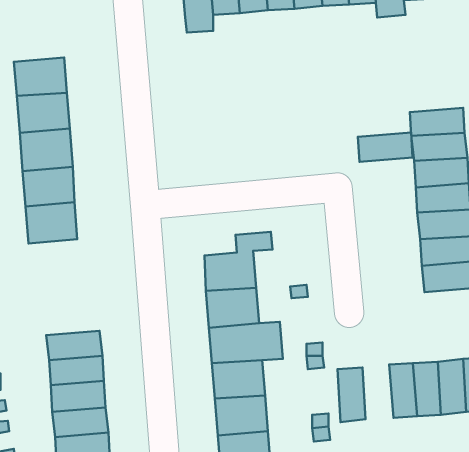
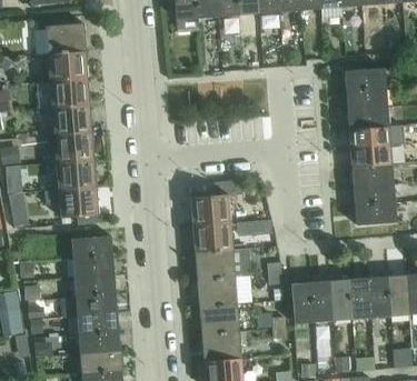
building: none -> [46,22,86,52]
building: [358,132,413,162] -> [345,68,386,90]
building: none -> [44,186,98,223]
building: none -> [71,235,112,258]
building: none -> [310,280,334,321]

